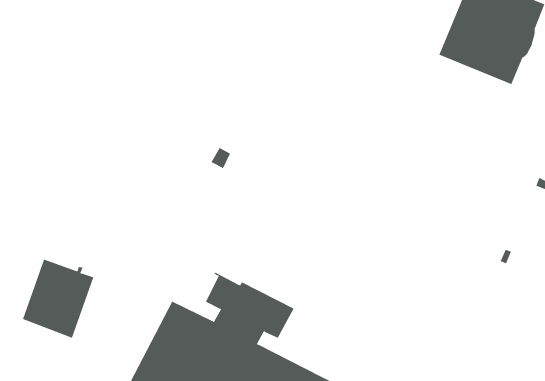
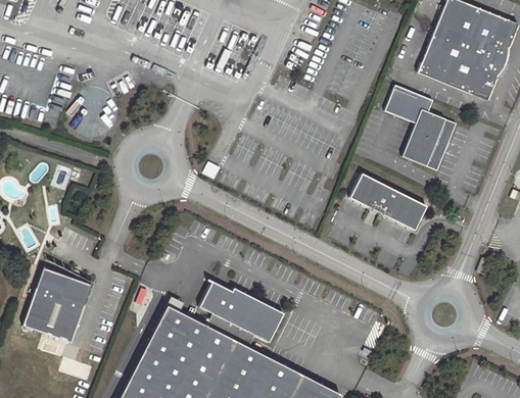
building: none -> [384,85,458,172]
building: none -> [349,175,426,232]

